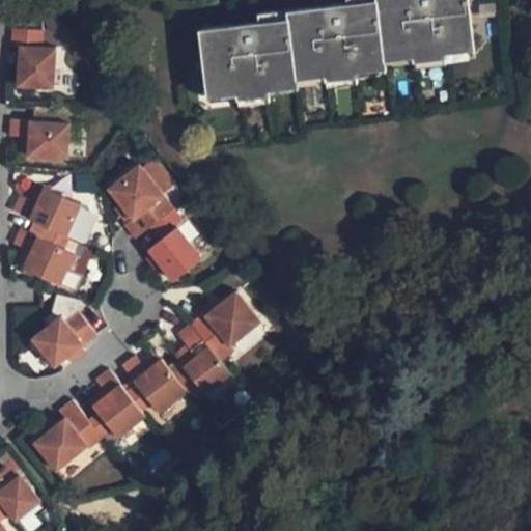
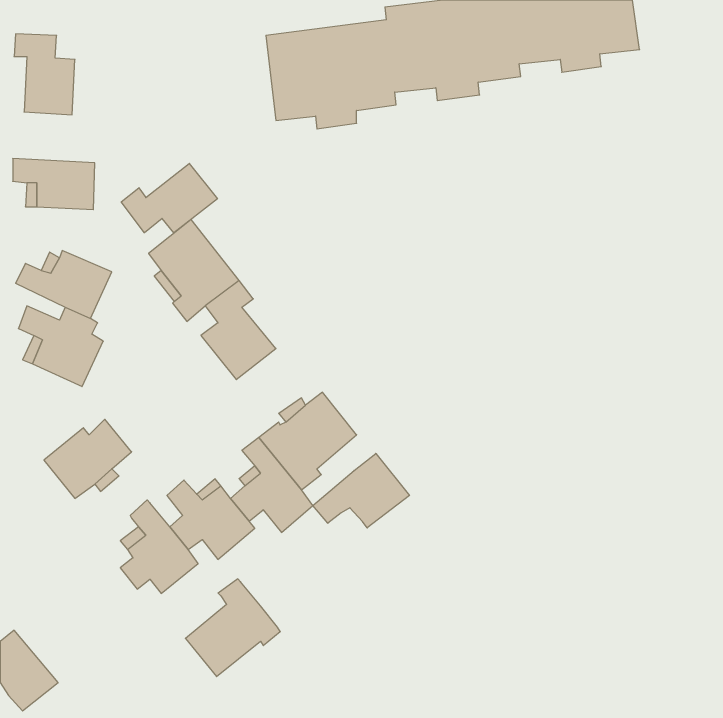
building: none -> [121,163,217,233]
building: none -> [313,453,409,528]
building: [33,400,103,472] -> [185,579,280,677]

